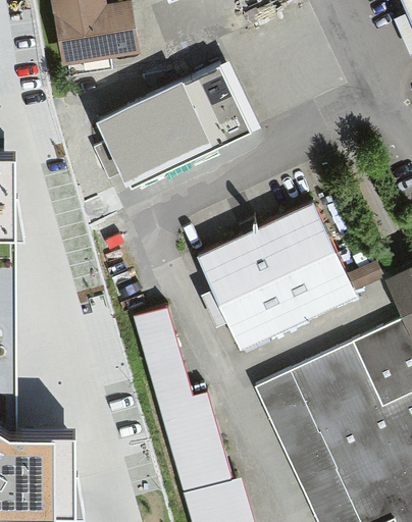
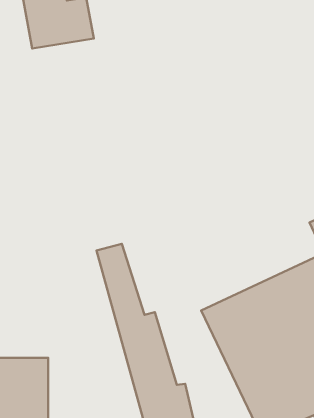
building: [99,61,253,182] -> none
building: [193,199,350,342] -> none

